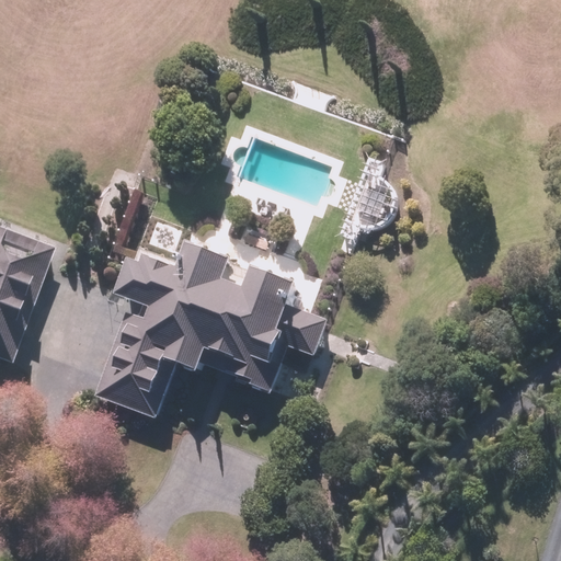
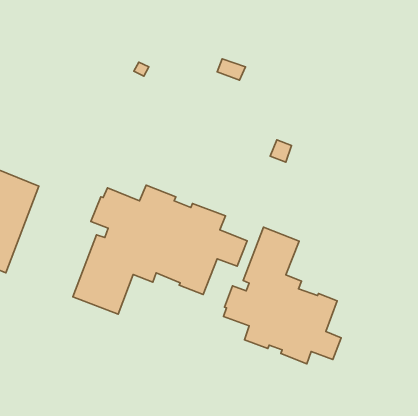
building: none -> [223,227,341,364]

